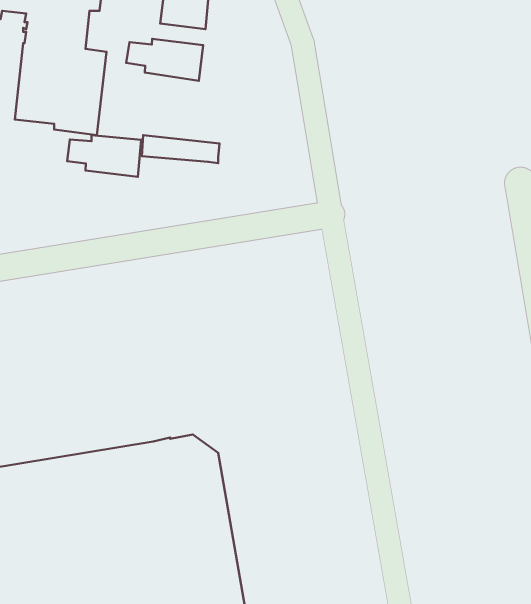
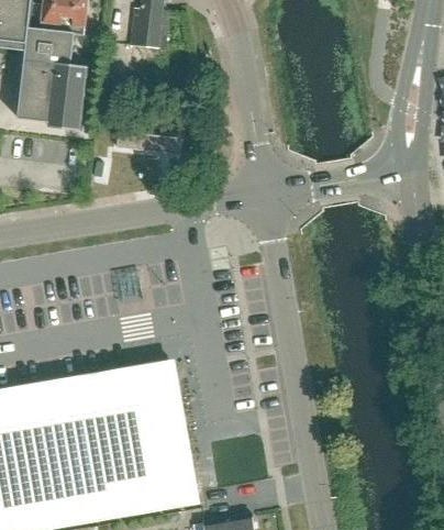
building: [126,39,203,81] -> none
building: [67,135,141,177] -> none

